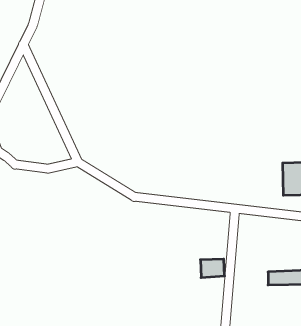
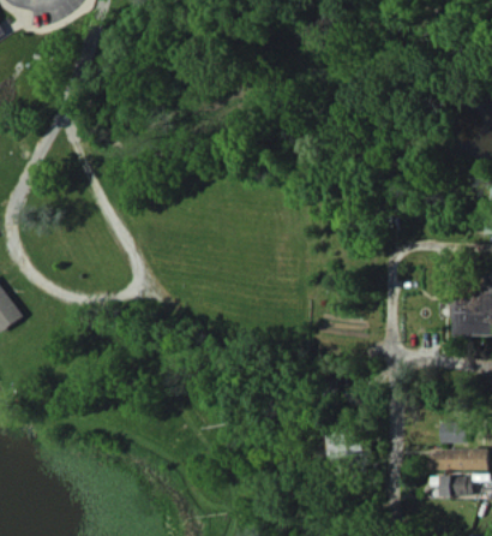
building: none -> [438,423,464,443]
building: none -> [438,475,470,496]

